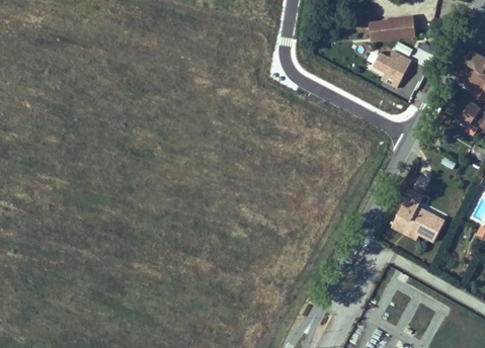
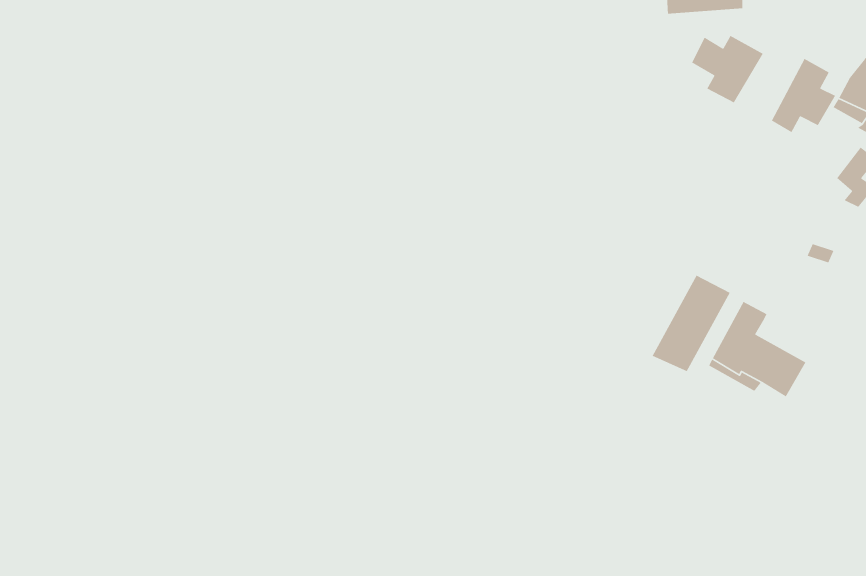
building: none -> [771,58,836,133]
building: none -> [651,275,731,372]

